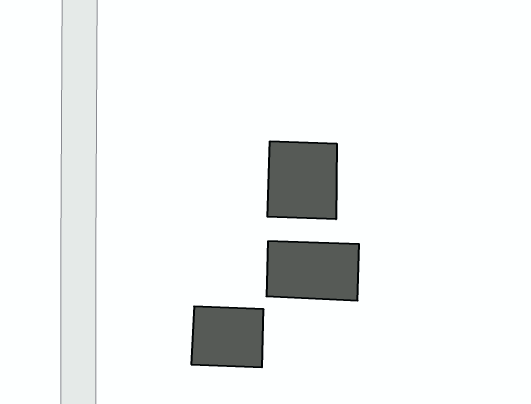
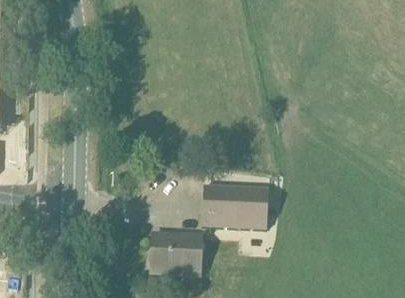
building: [267,141,337,219] -> none

